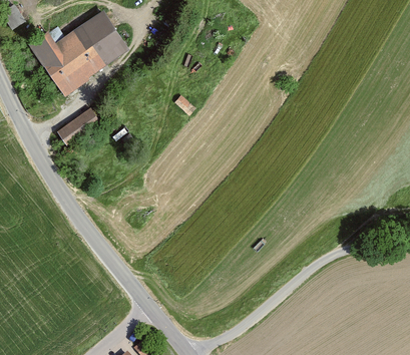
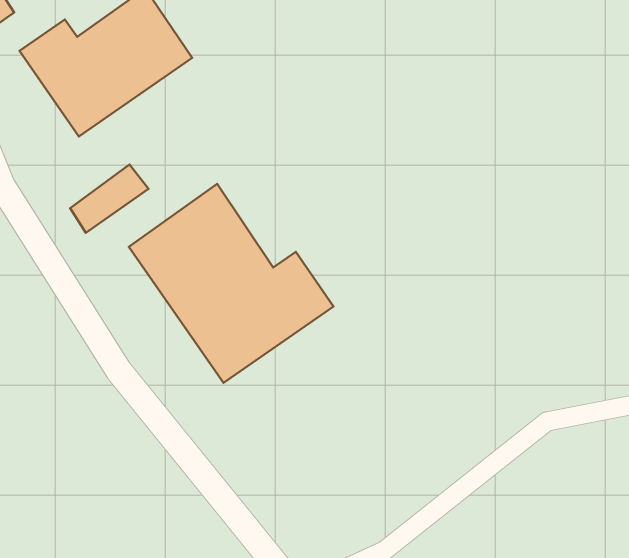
building: none -> [129,184,333,383]

